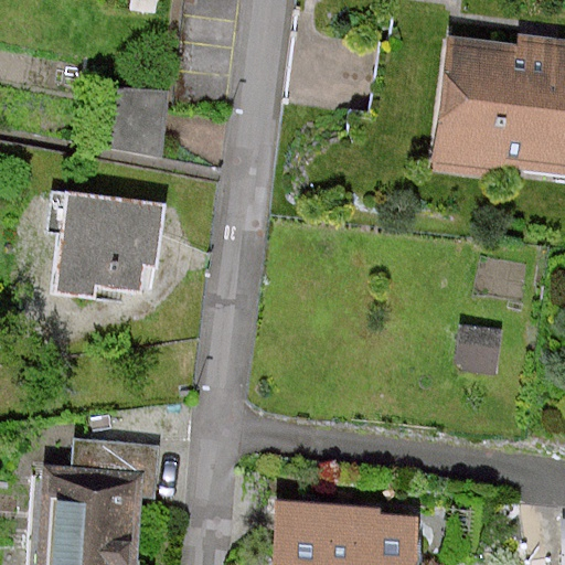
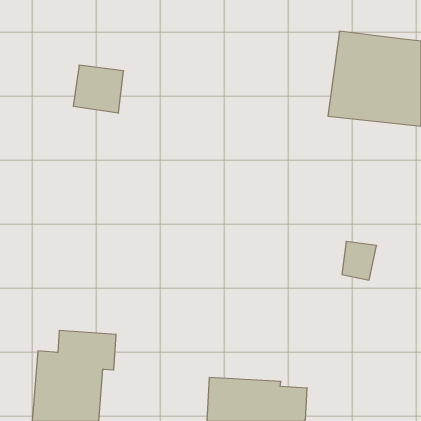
building: [58,196,160,294] -> none

